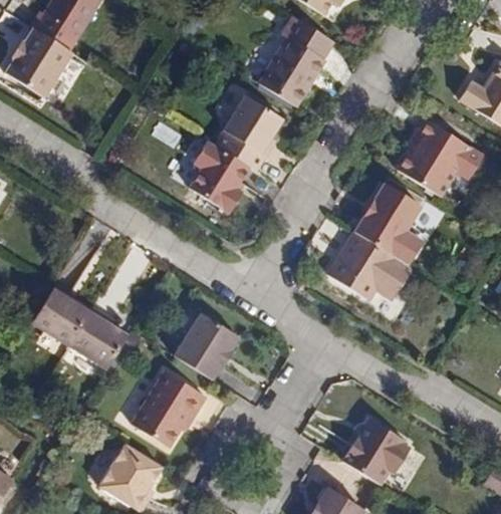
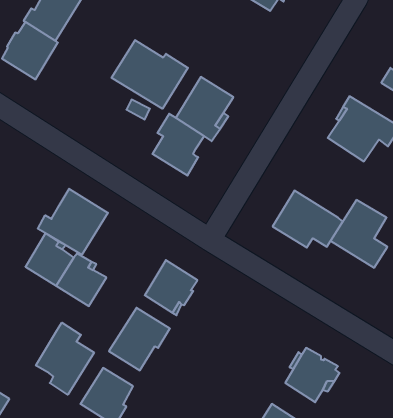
building: [262,15,336,106] -> none
building: none -> [112,40,188,109]
building: [355,181,424,262] -> [331,200,387,268]
building: none -> [38,189,108,255]
building: none -> [36,323,94,395]

